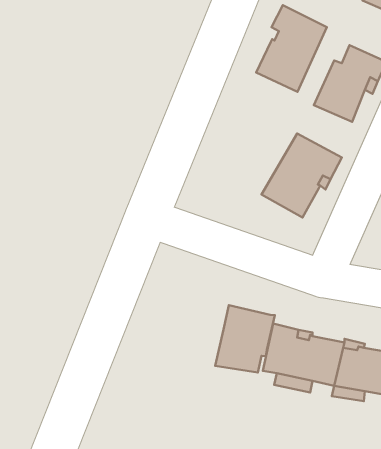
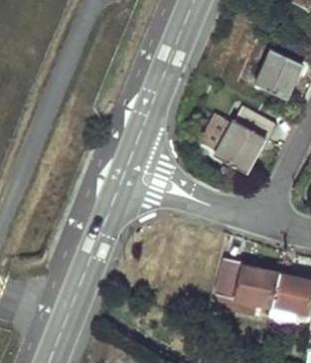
building: [256,5,327,92] -> none
building: [215,305,275,373] -> none

